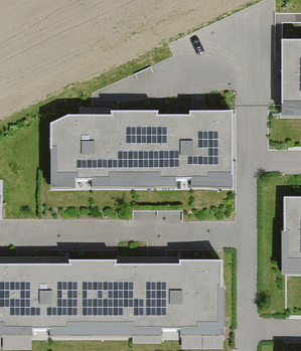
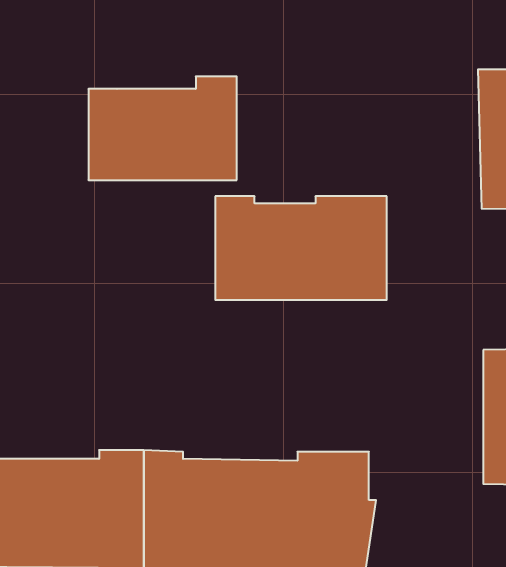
building: [50,116,134,174] -> [88,76,237,180]

